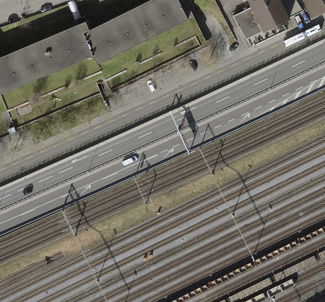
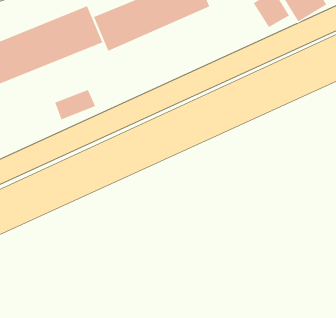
building: none -> [54,89,96,120]

